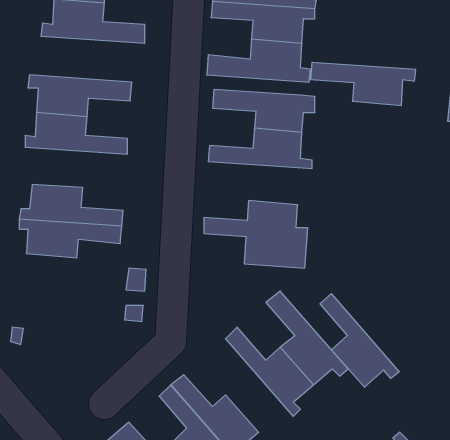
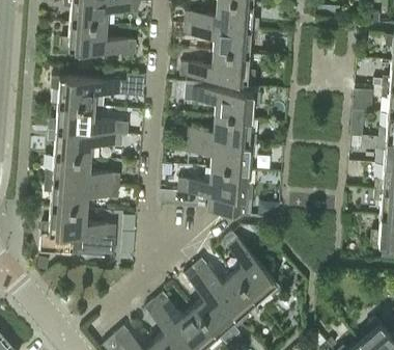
building: [311,62,416,106] -> [180,139,256,170]
building: none -> [49,129,123,158]
building: none -> [41,206,117,255]
building: [320,294,399,387] -> [186,267,243,334]

